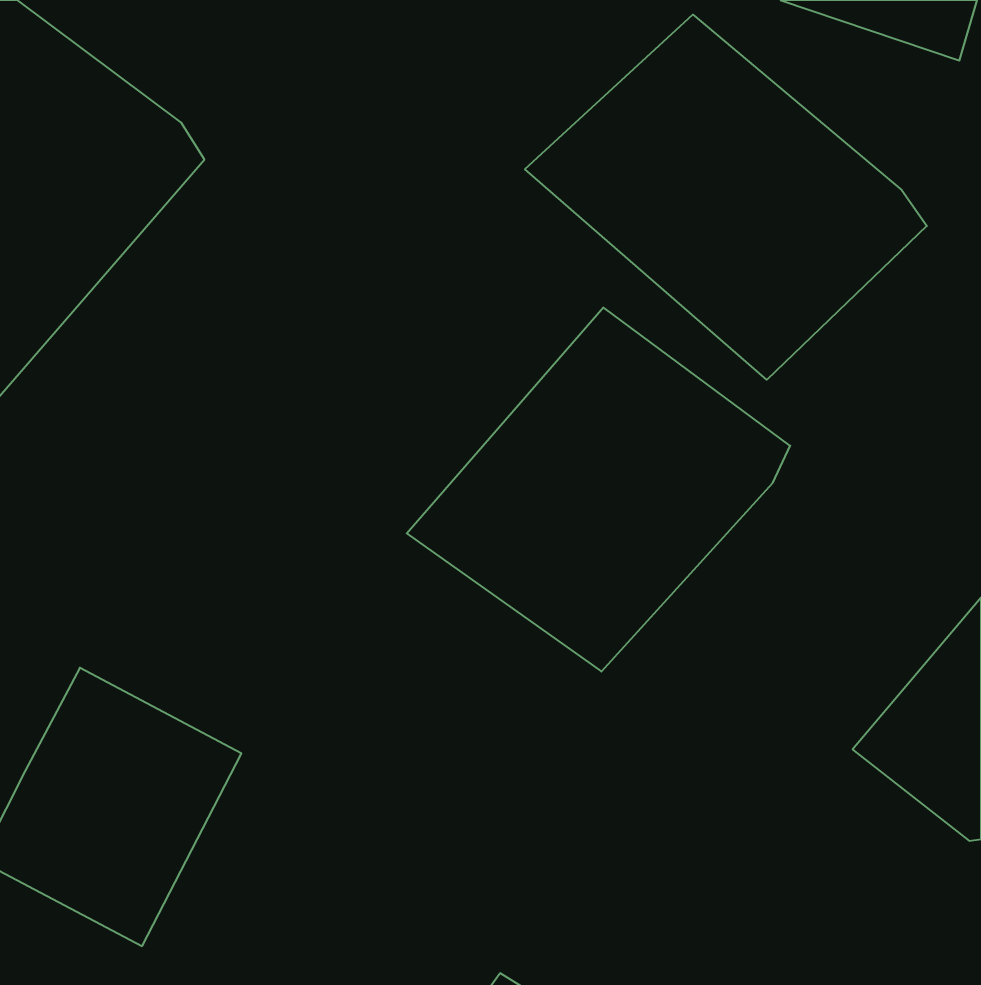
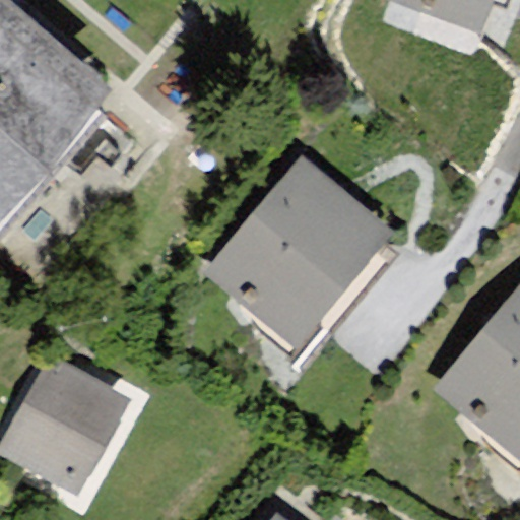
building: [525,15,927,380] -> none

